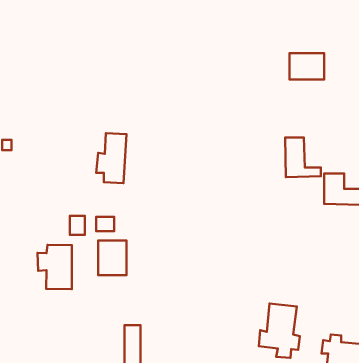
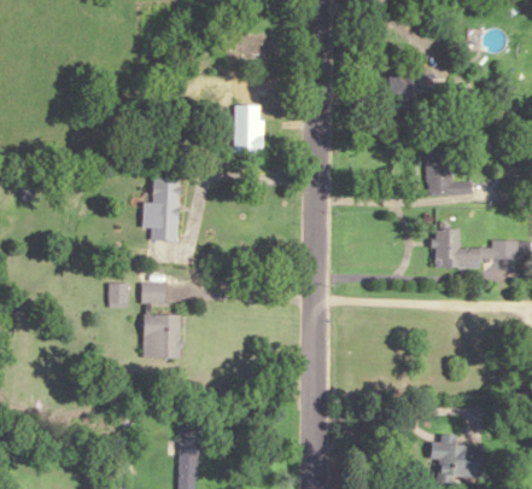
building: none -> [233,105,262,153]
building: [285,138,321,177] -> [425,144,470,194]
building: [37,245,72,289] -> none
building: [259,304,300,358] -> none

